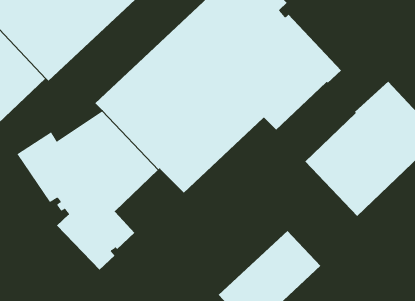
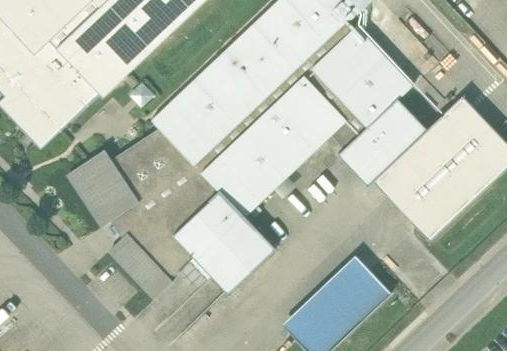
building: none -> [337,98,427,187]
building: none -> [172,190,275,294]

